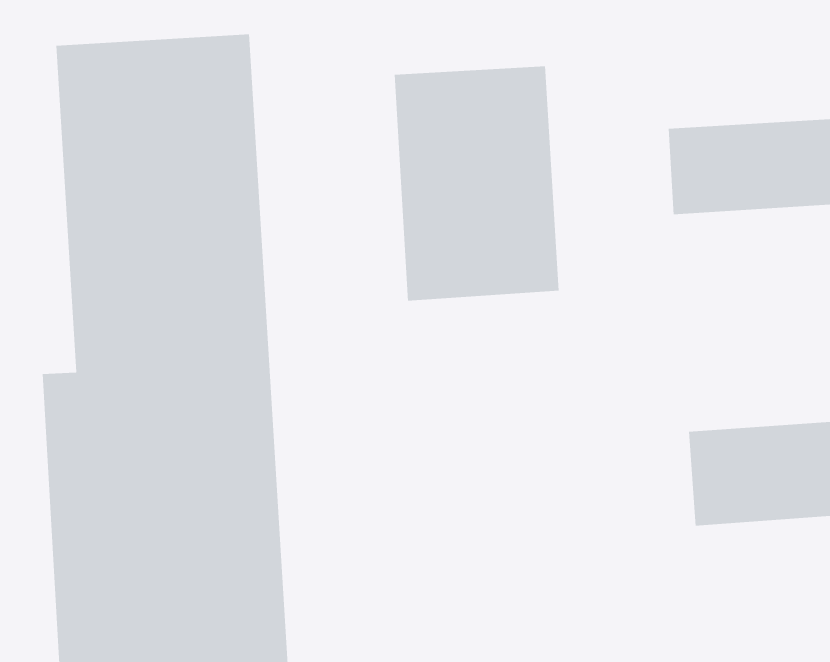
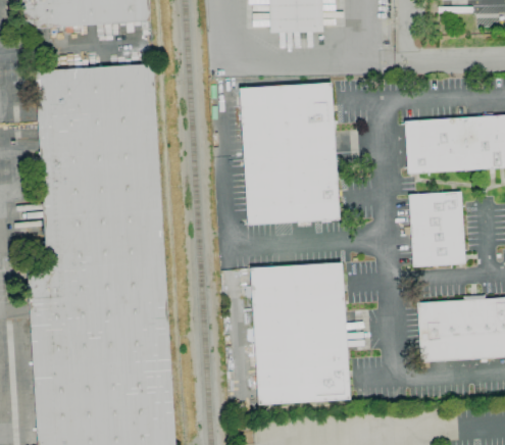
building: none -> [409,191,465,266]
building: none -> [251,262,350,404]

